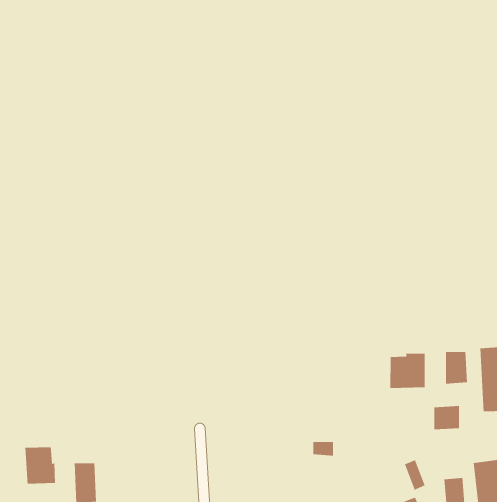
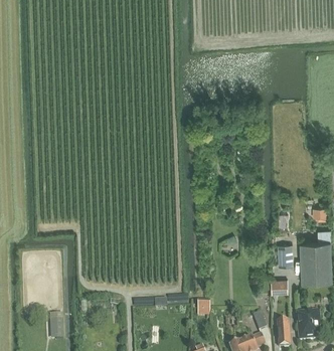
building: [390,353,425,389] -> none
building: [25,447,56,485] -> none

